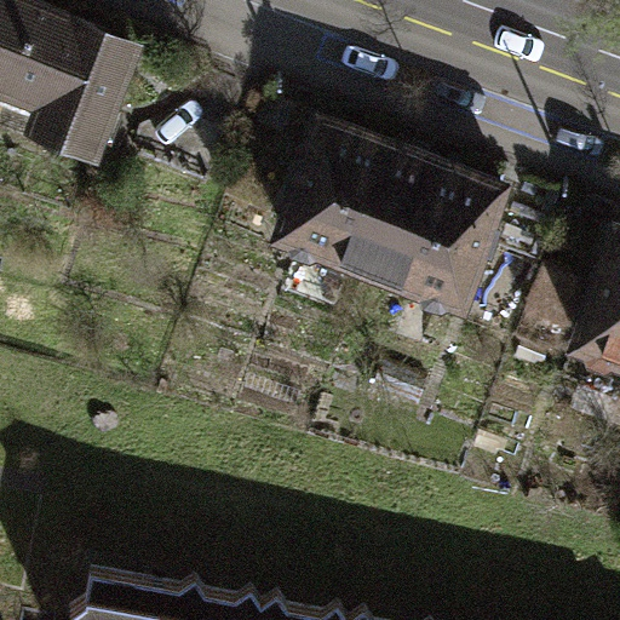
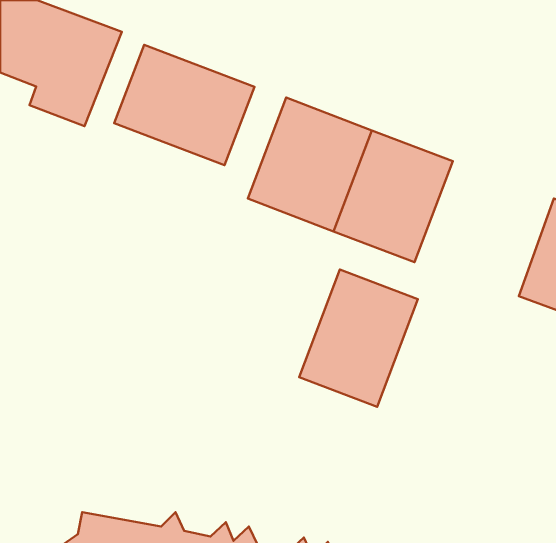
building: none -> [114,45,254,165]
building: none -> [299,269,418,407]

